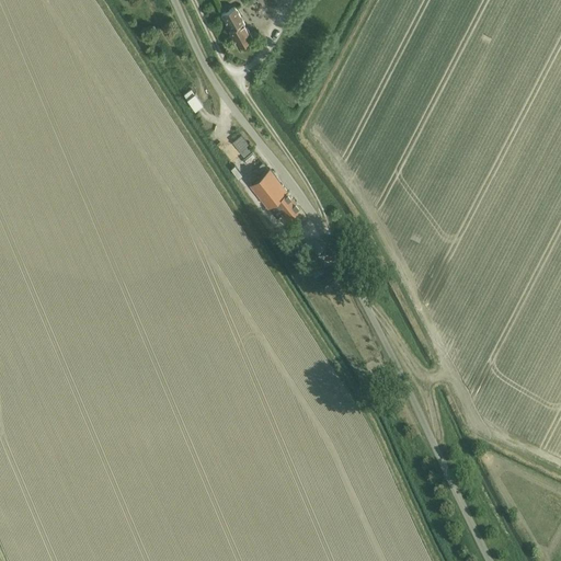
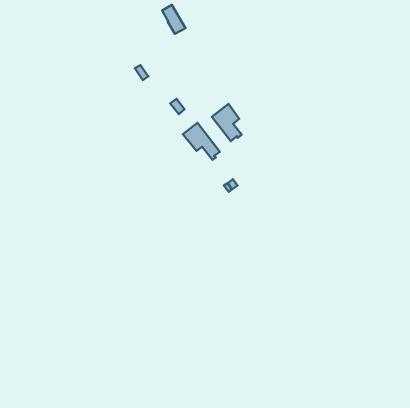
building: none -> [212,104,241,141]

